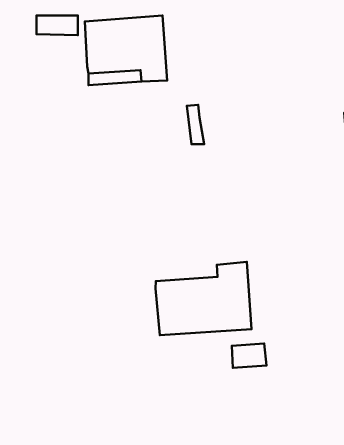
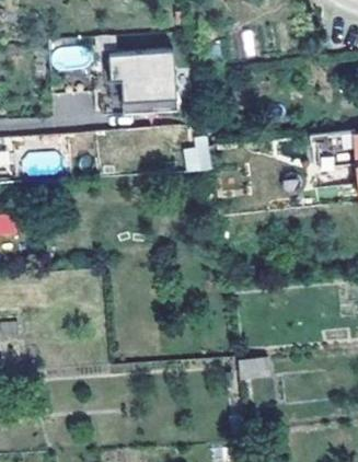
building: [155,262,252,335] -> none

